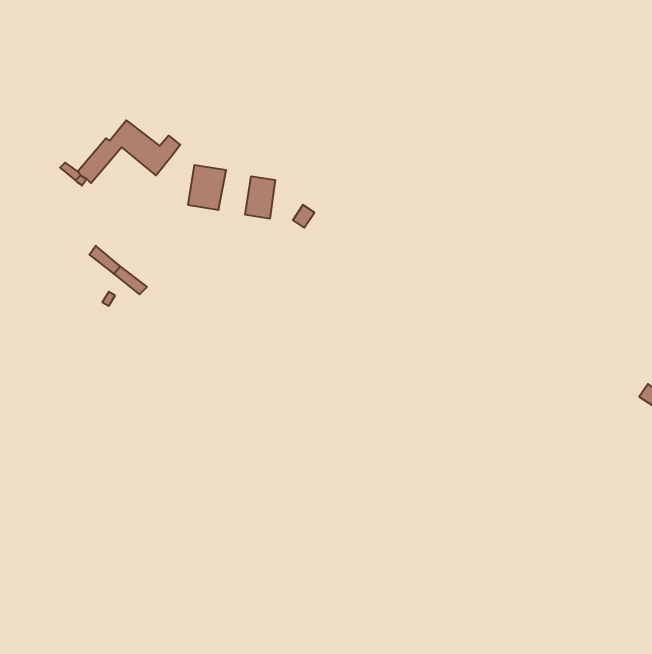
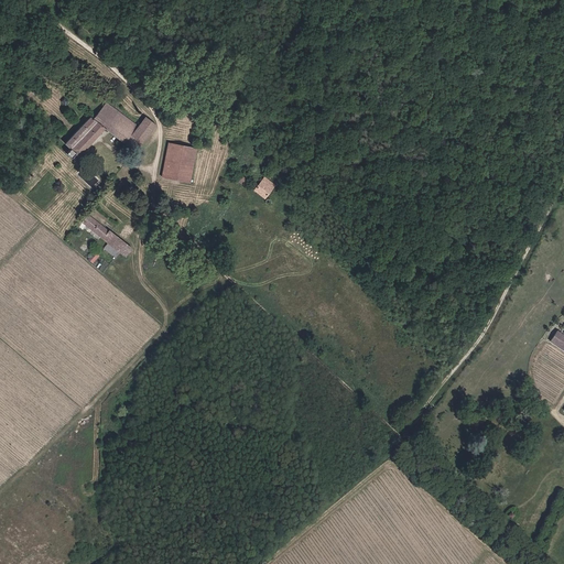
building: [245,176,275,219] -> none

